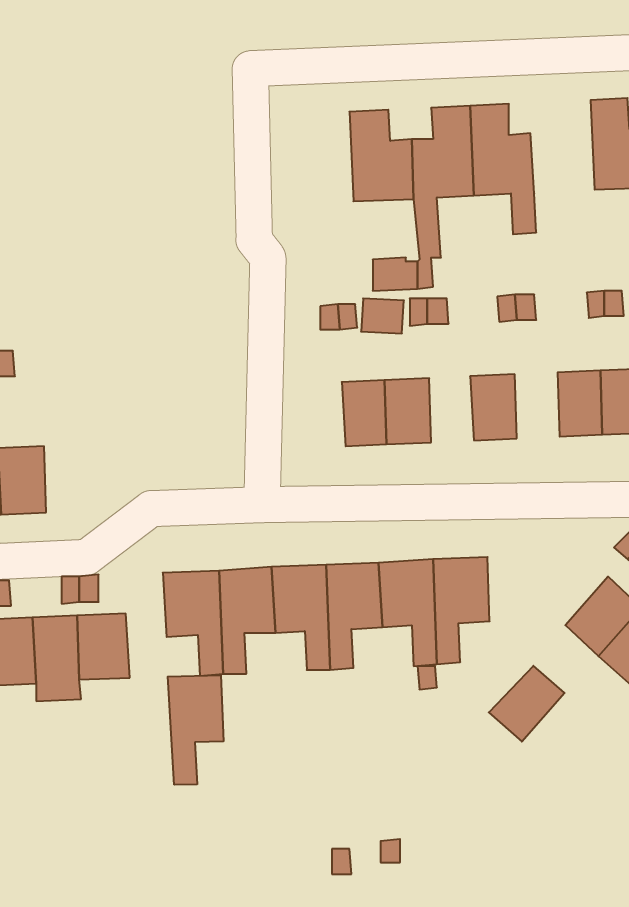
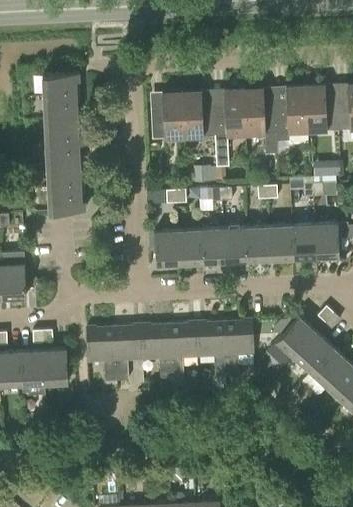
building: none -> [42,72,100,211]
building: none -> [274,85,307,133]
building: none -> [149,91,183,139]
building: none -> [266,225,289,259]
building: none -> [222,227,245,261]
building: none -> [154,230,179,264]
building: [489,666,565,742] -> [275,316,314,355]
building: [168,675,223,785] -> none

